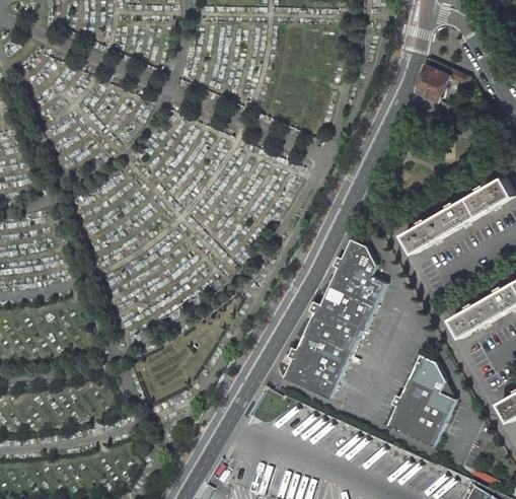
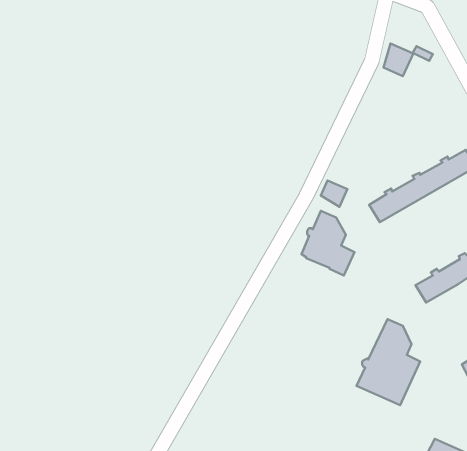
building: none -> [321,181,348,207]
building: [284,288,373,400] -> none

